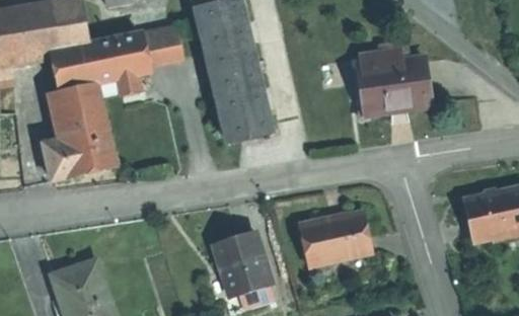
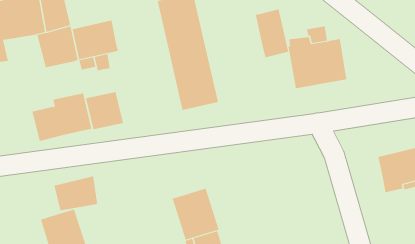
building: none -> [255,8,289,58]
building: [142,24,182,62] -> none
building: [61,81,107,128] -> [85,91,124,130]
building: [296,211,368,264] -> none
building: none -> [54,176,98,211]

